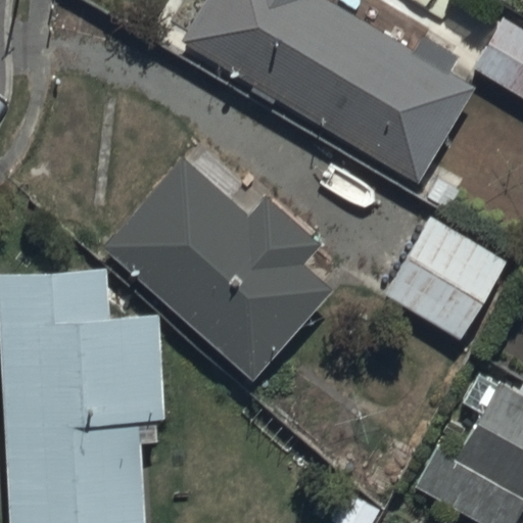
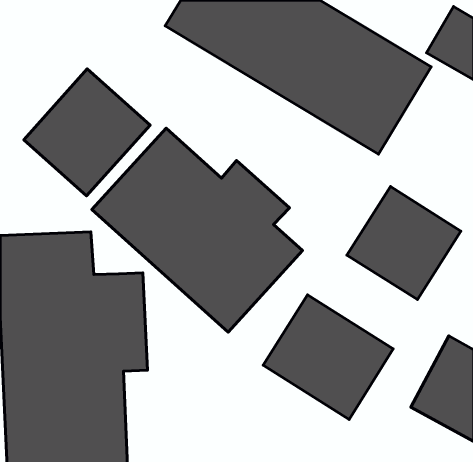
building: none -> [24,69,150,196]
building: none -> [263,295,393,419]

